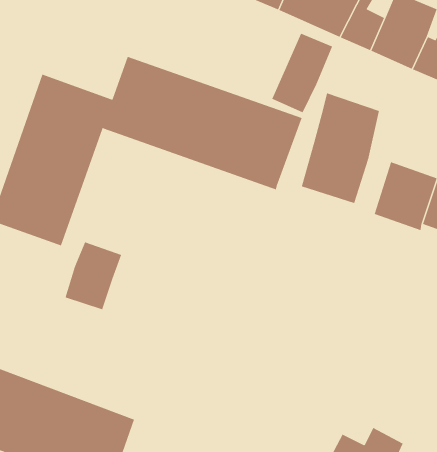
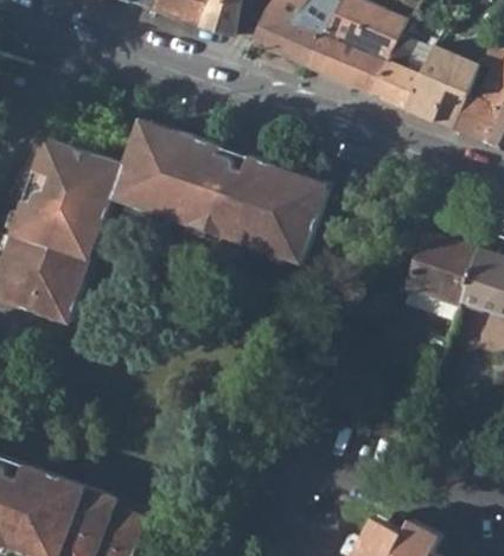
building: [271,33,333,113] -> none
building: [301,93,379,204] -> none
building: [65,241,122,310] -> none

